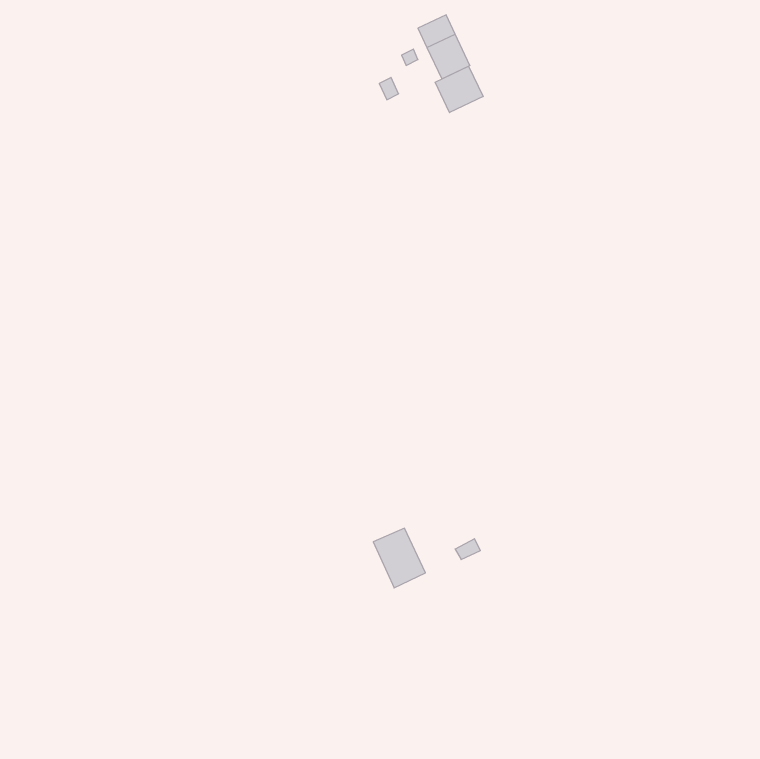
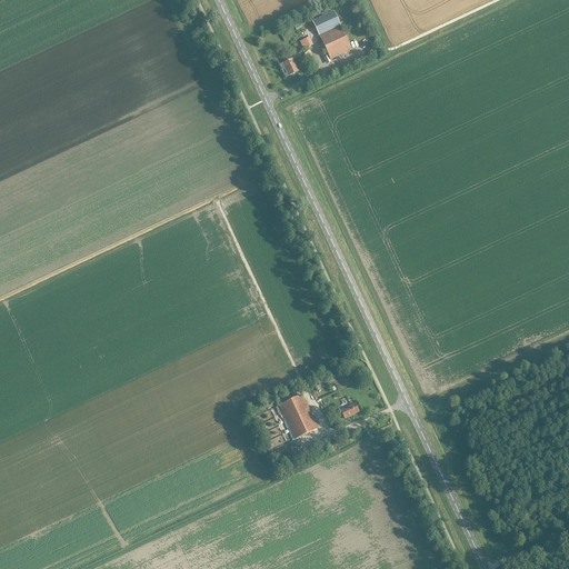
building: [435,66,483,113] -> none

